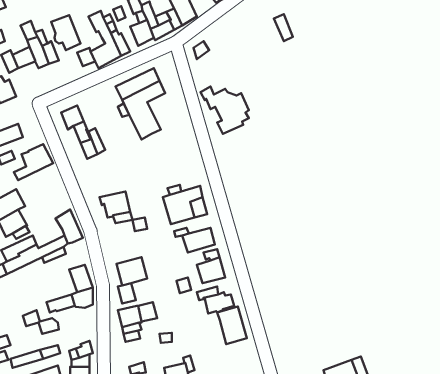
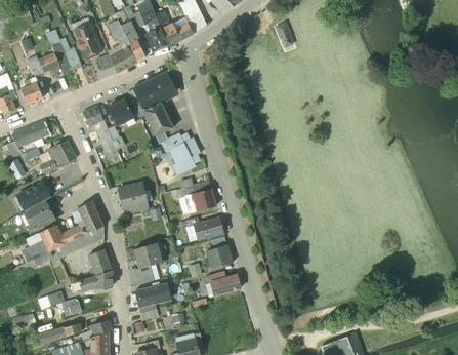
building: [200,86,249,134] -> [156,131,200,174]
building: none -> [108,100,133,125]
building: [217,306,247,344] -> none

